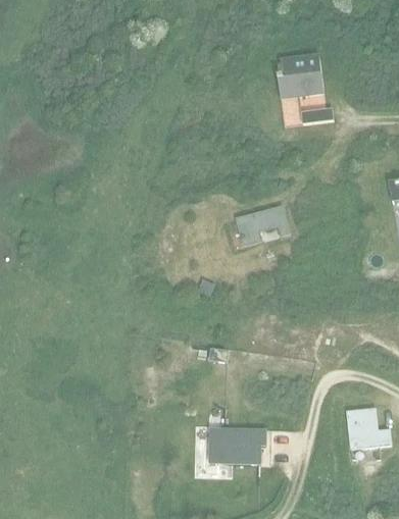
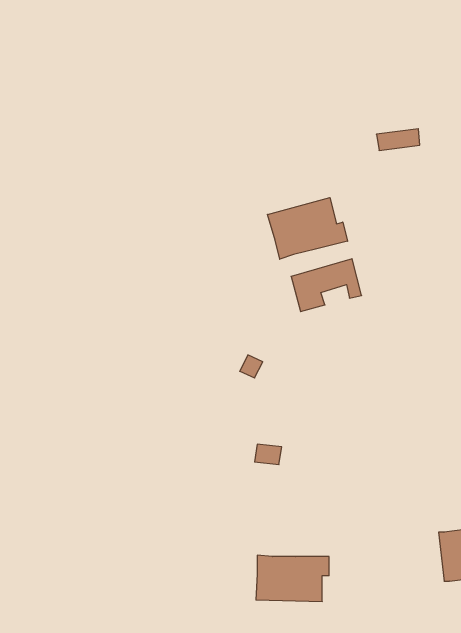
building: [278,55,323,98] -> none
building: none -> [267,198,348,259]

